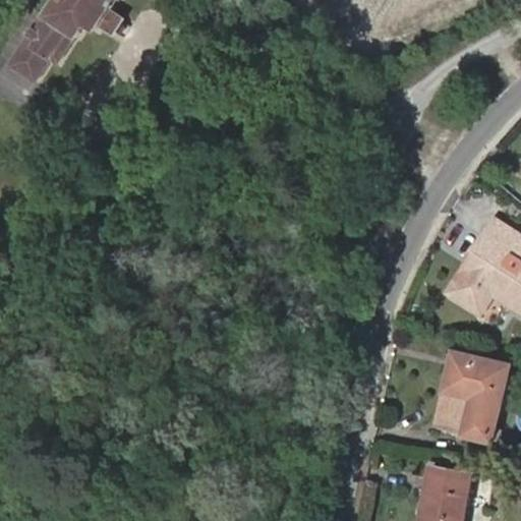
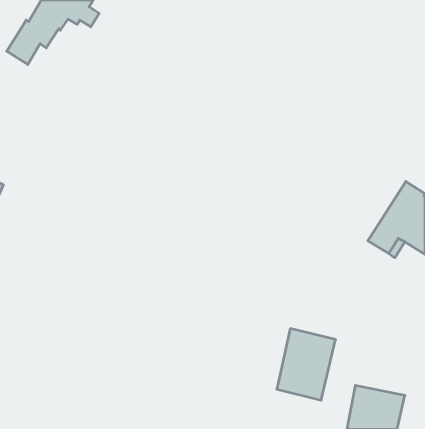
building: [437,354,508,441] -> [277,329,336,400]

